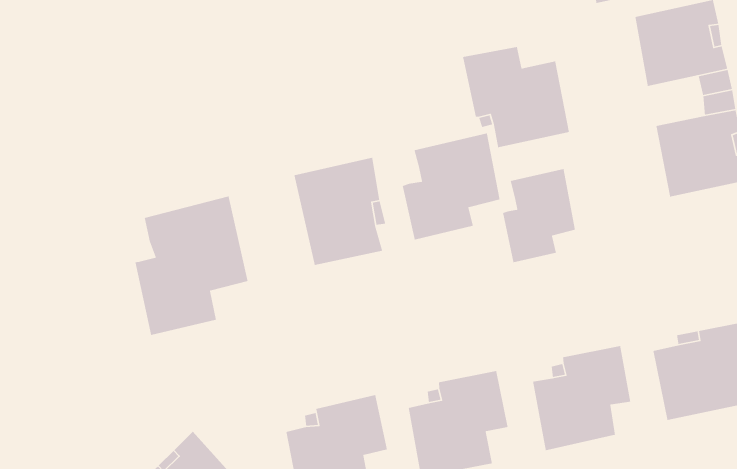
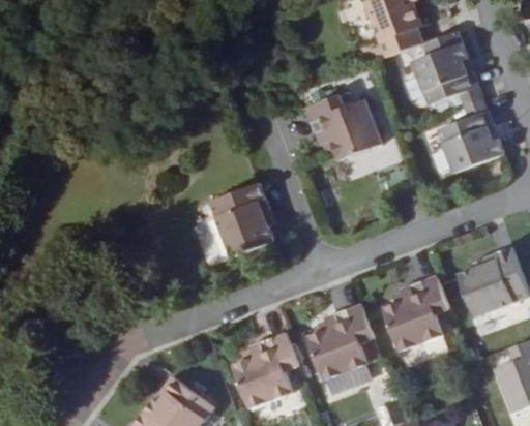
building: [402,132,500,241] -> none
building: [502,168,576,263] -> none
building: [135,196,249,336] -> none

